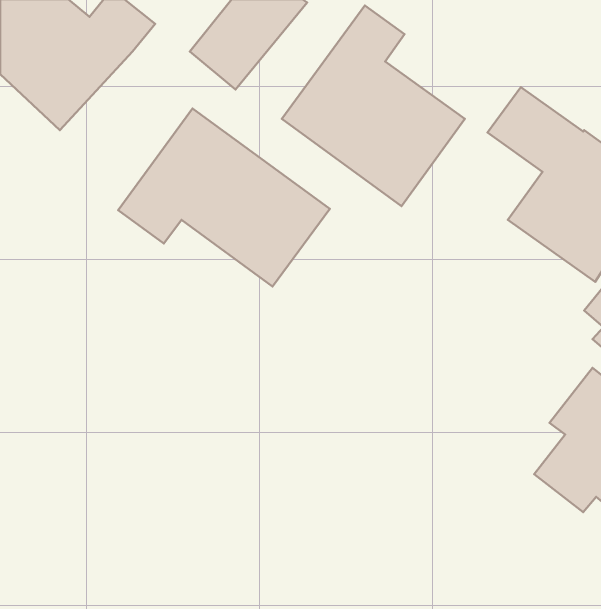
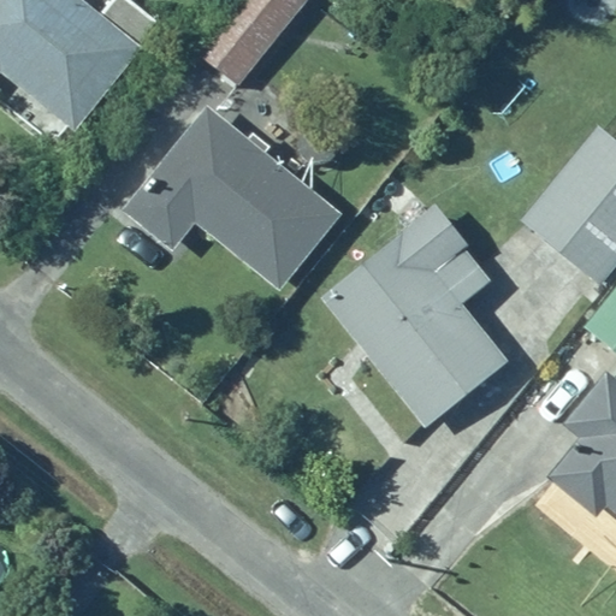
building: [282,6,465,206] -> none
building: none -> [316,200,510,427]

